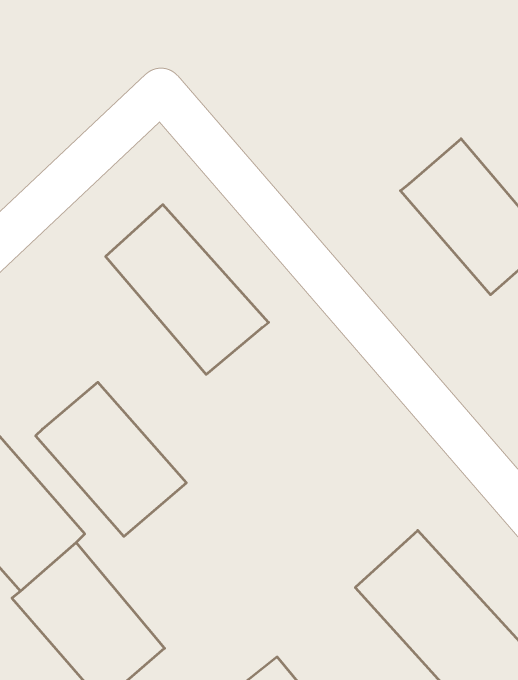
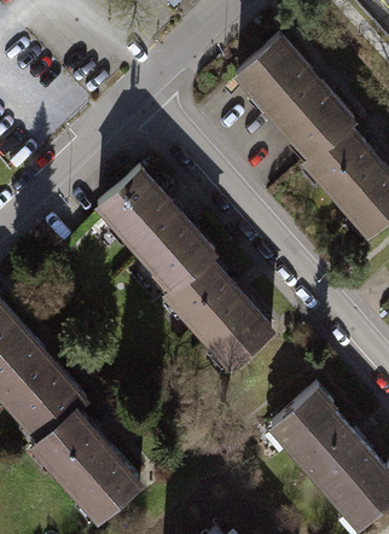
building: none -> [239,40,354,159]
building: [36,382,186,536] -> [167,260,272,367]

